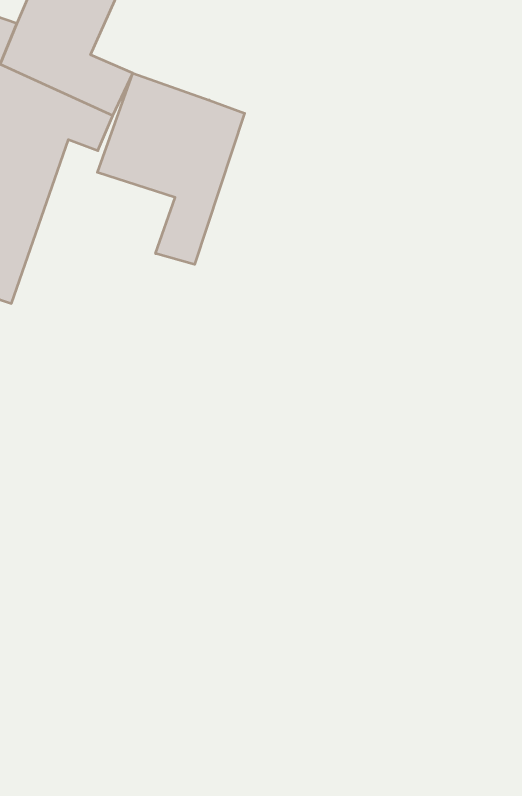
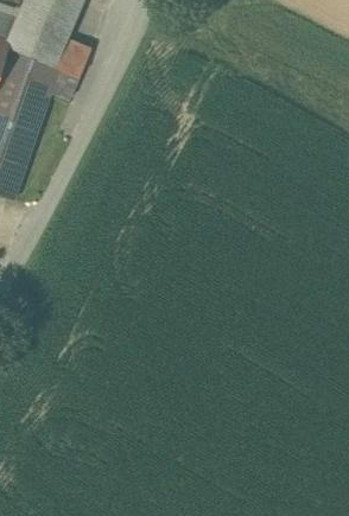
building: [97,73,245,264] -> none

